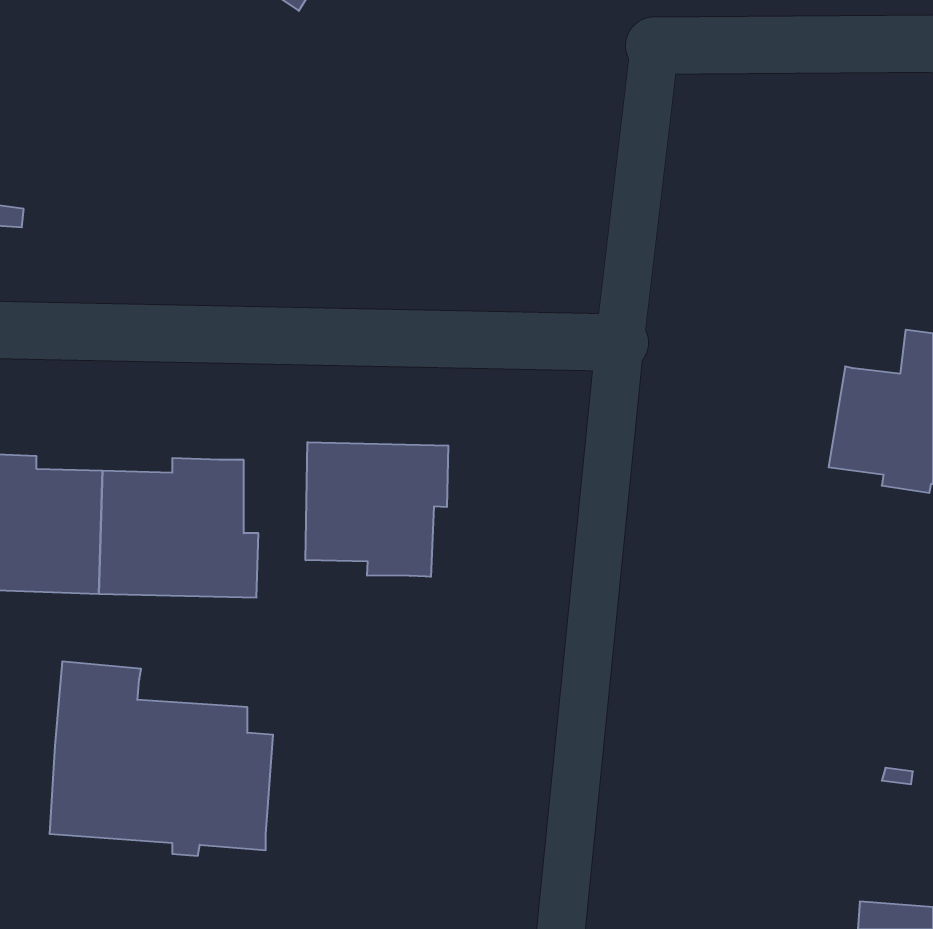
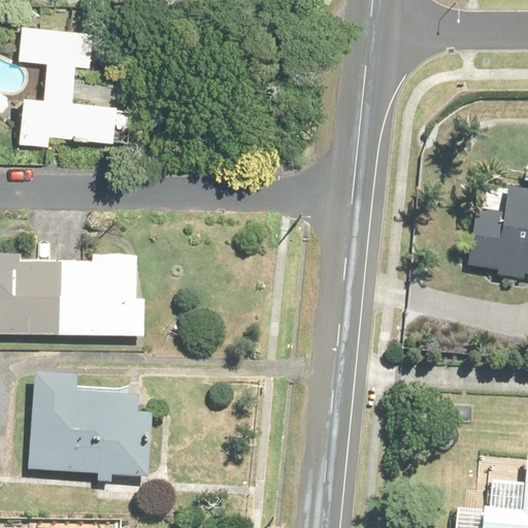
building: none -> [21,23,119,142]
building: [306,442,448,577] -> none

